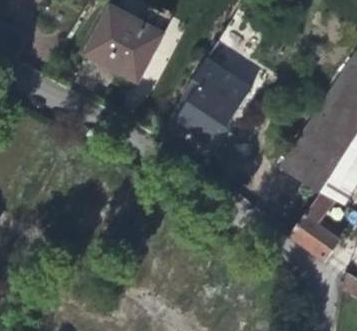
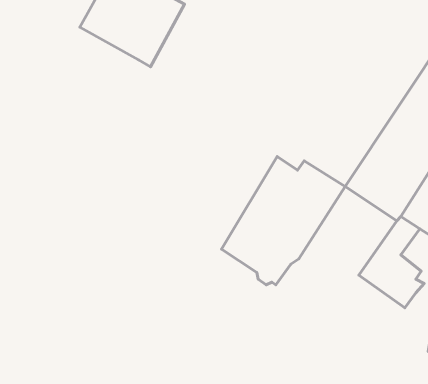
building: [169,50,260,144] -> [221,157,345,285]

